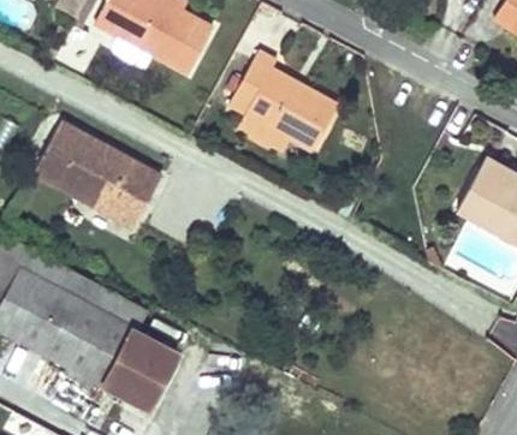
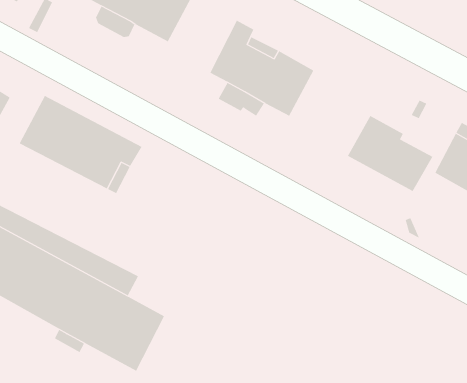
building: none -> [347,115,433,192]

